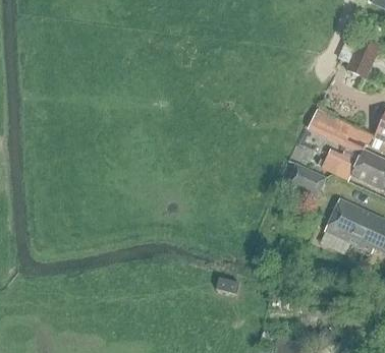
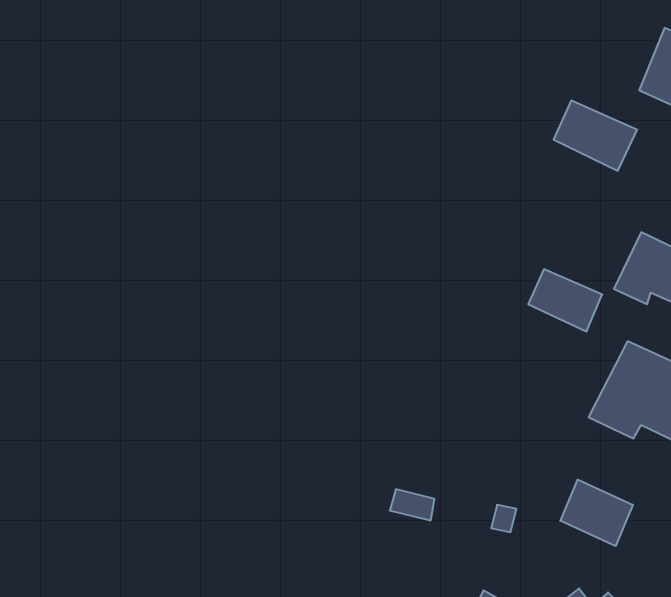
building: [308,108,351,144] -> [554,101,637,171]
building: none -> [560,480,633,546]

